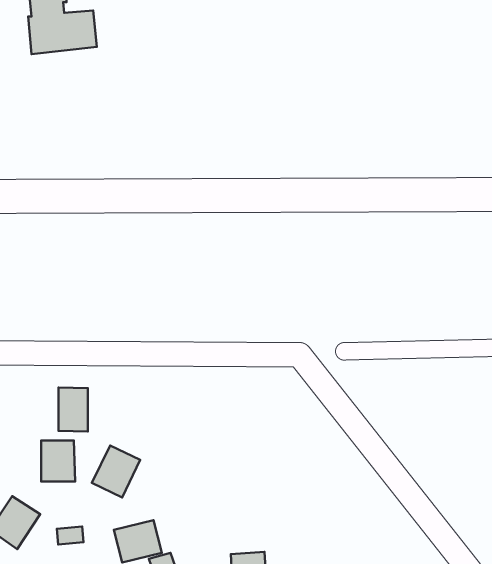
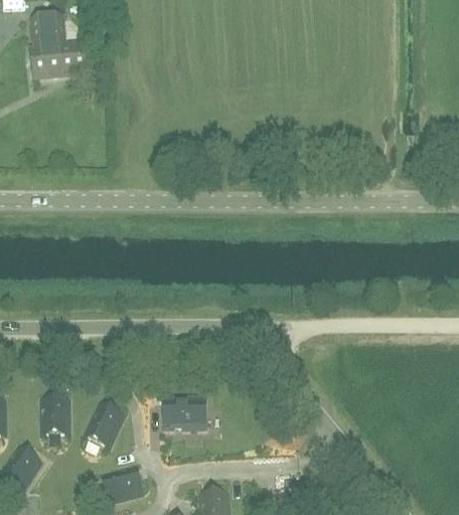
building: [59,388,88,432] -> none
building: none -> [158,393,205,427]

